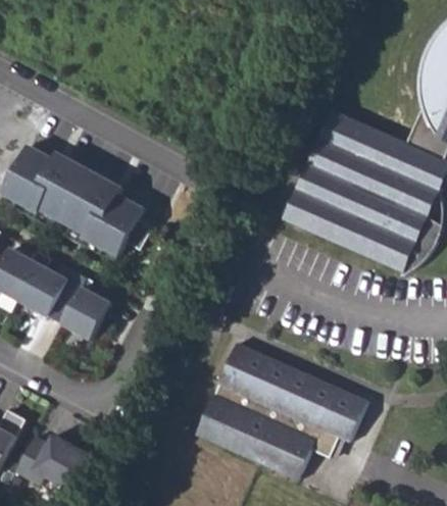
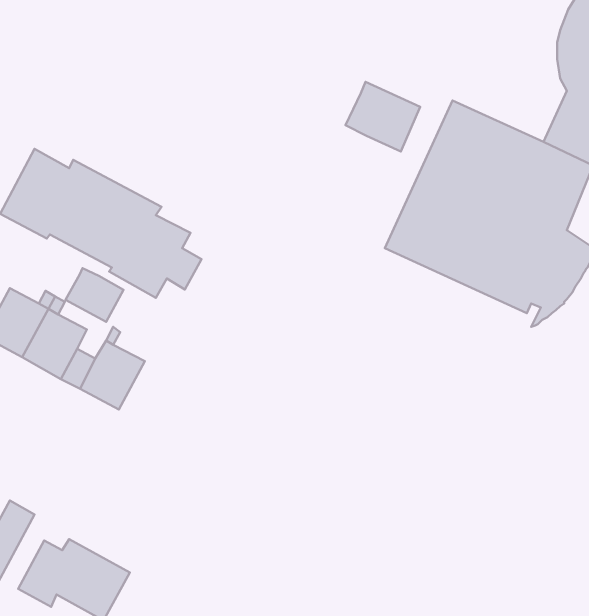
building: none -> [345,82,420,151]
building: none -> [65,268,123,322]
building: [190,343,362,480] -> none

